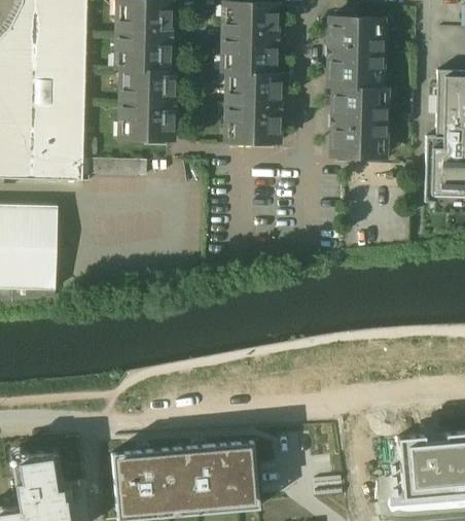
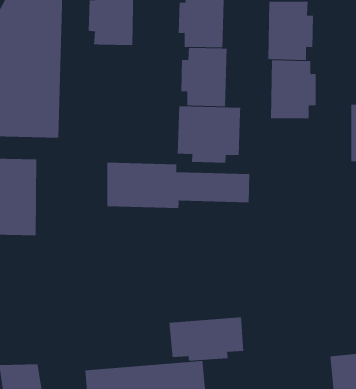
building: [119,70,174,140] -> none
building: none -> [177,106,241,163]
building: none -> [107,162,250,209]
building: none -> [169,316,244,362]

